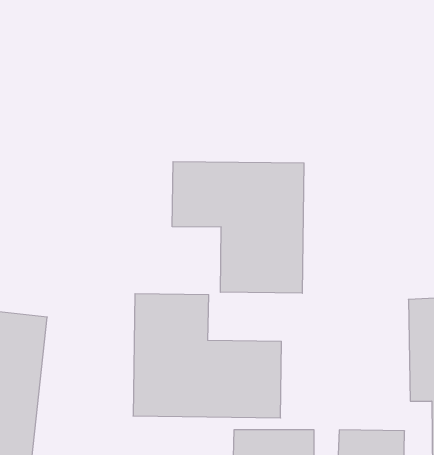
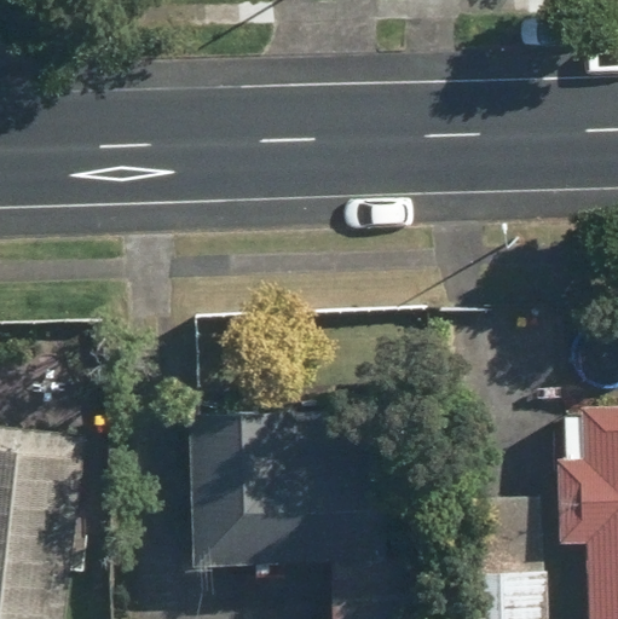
building: [172,162,304,293] -> none

